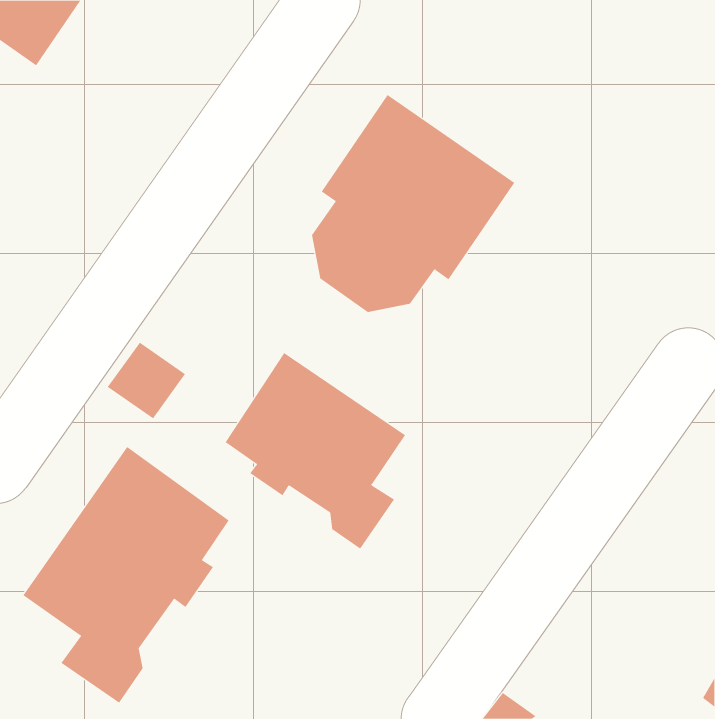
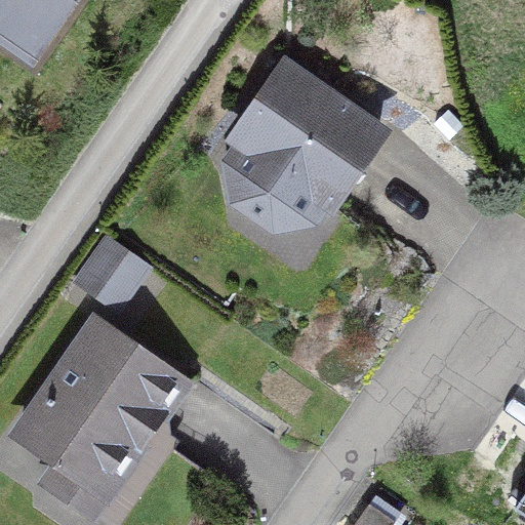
building: [225,352,406,550] -> none

